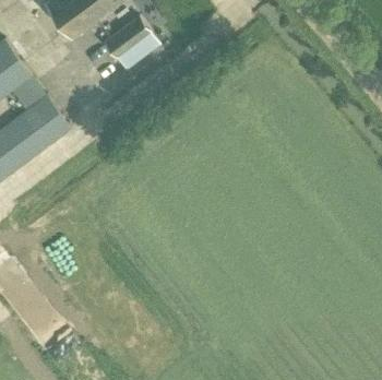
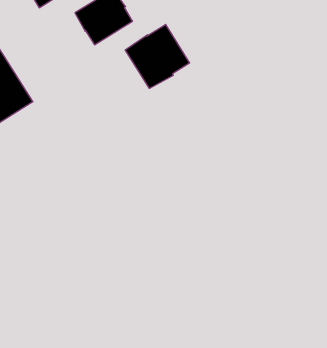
building: none -> [125,24,190,88]

